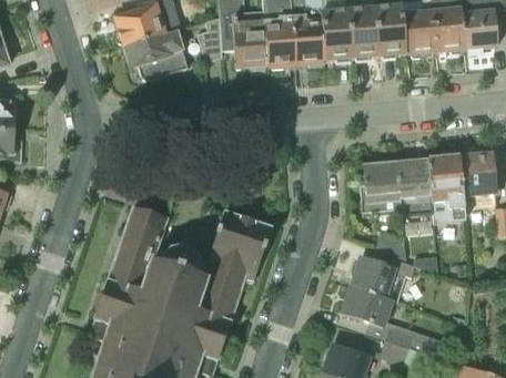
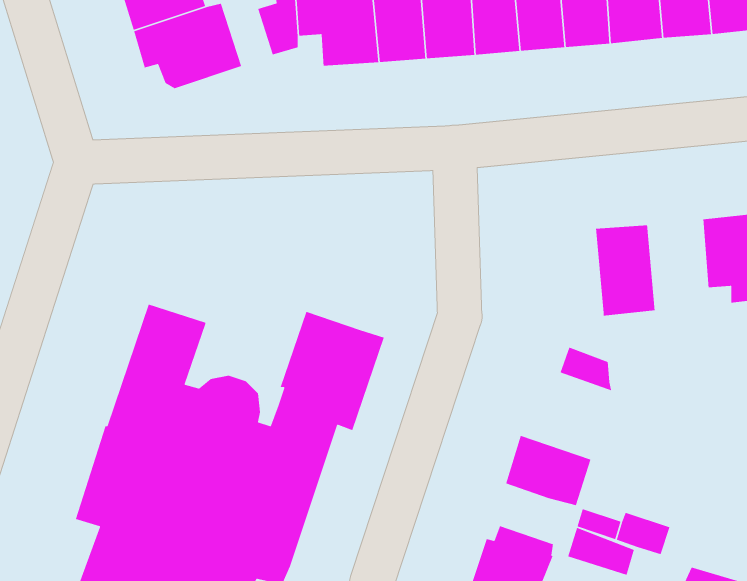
building: [427,156,465,223] -> none
building: [361,162,401,215] -> none
building: [352,255,415,299] -> none

